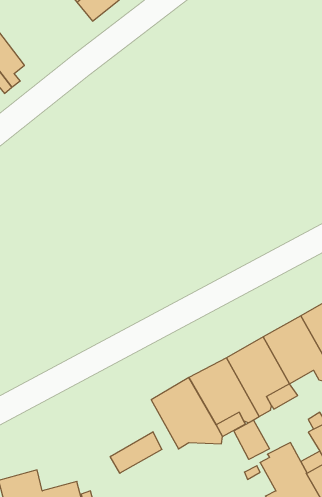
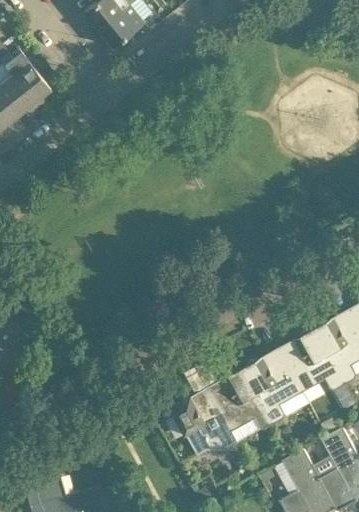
building: [234,420,269,459] -> none
building: [110,432,162,473] -> none

